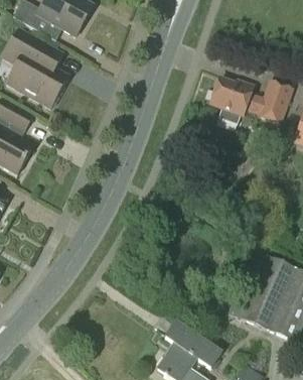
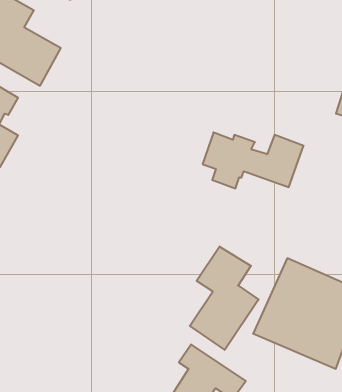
building: [209,77,293,123] -> [203,132,304,188]
building: none -> [190,246,259,350]

